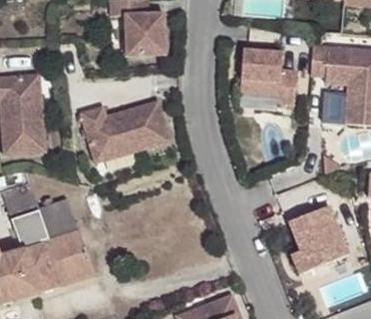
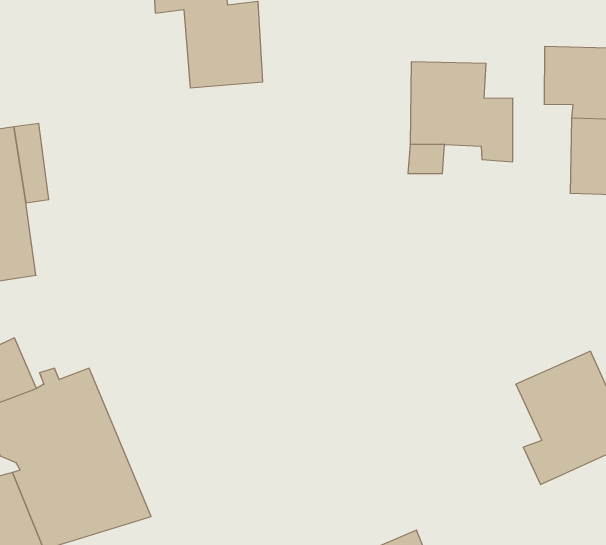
building: [79,99,169,162] -> none

